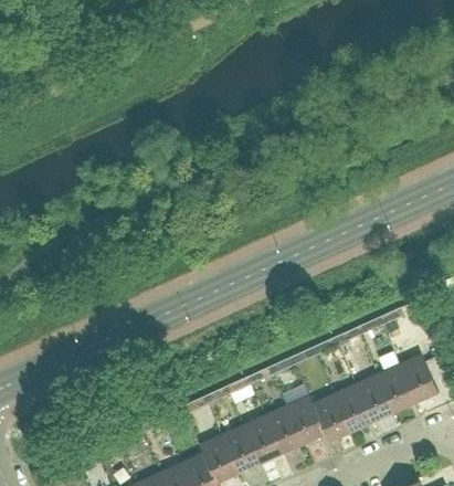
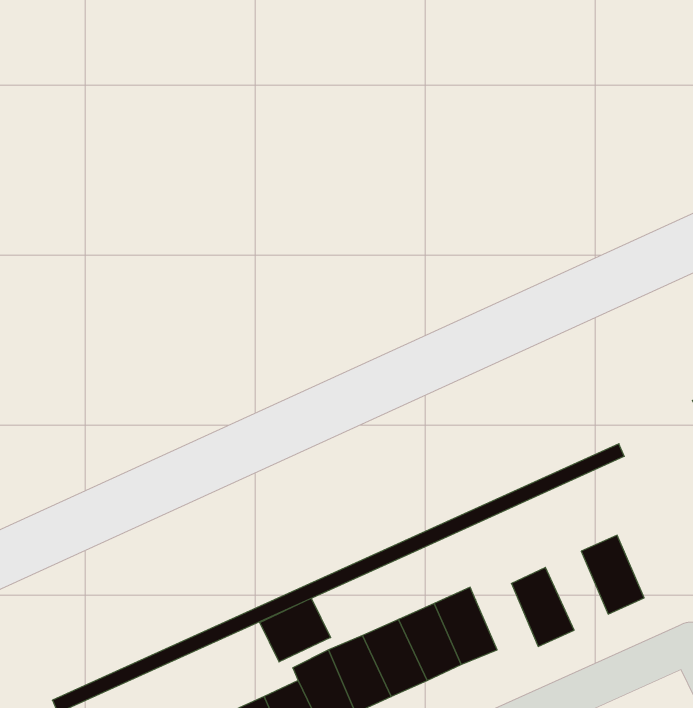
building: [398,355,436,403] -> none
building: [353,374,392,423] -> none
building: [310,394,349,443] -> none
building: none -> [260,598,331,662]

